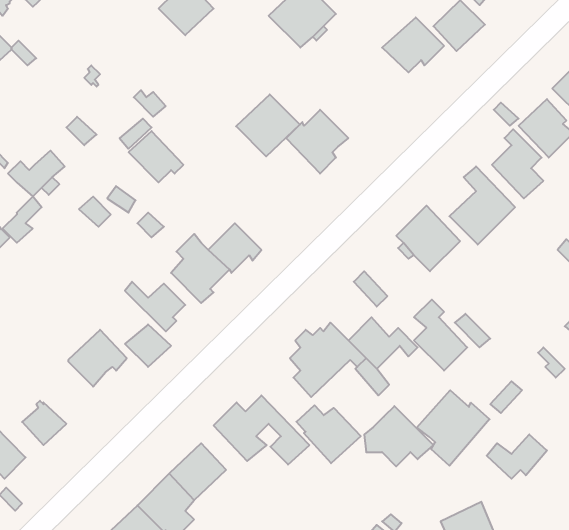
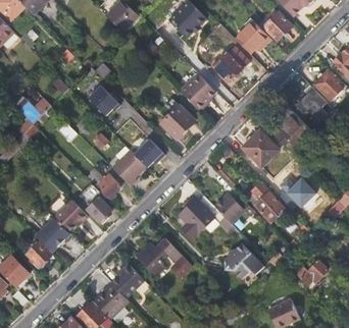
building: none -> [210,48,248,80]
building: [236,94,300,156] -> [159,103,196,139]
building: none -> [280,178,315,207]
building: none -> [35,218,68,252]
building: [417,390,490,466] -> none
building: [296,405,361,463] -> none

